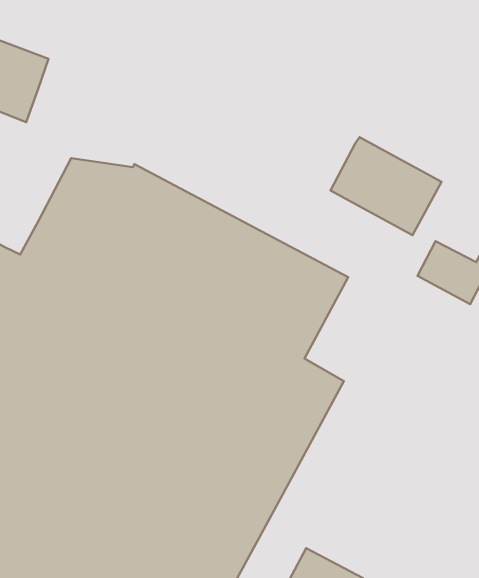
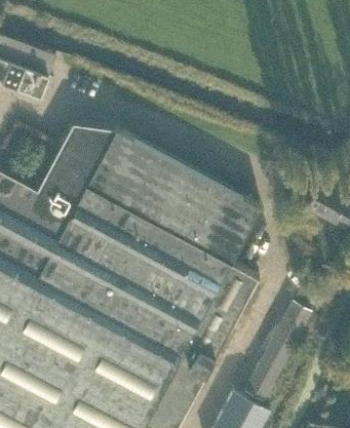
building: [330,137,442,235] -> none
building: none -> [242,302,311,404]

